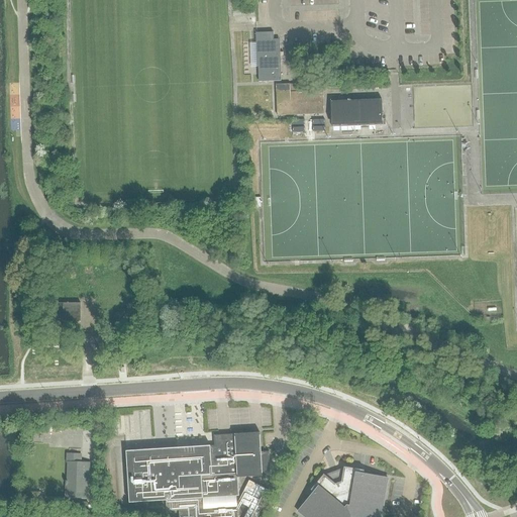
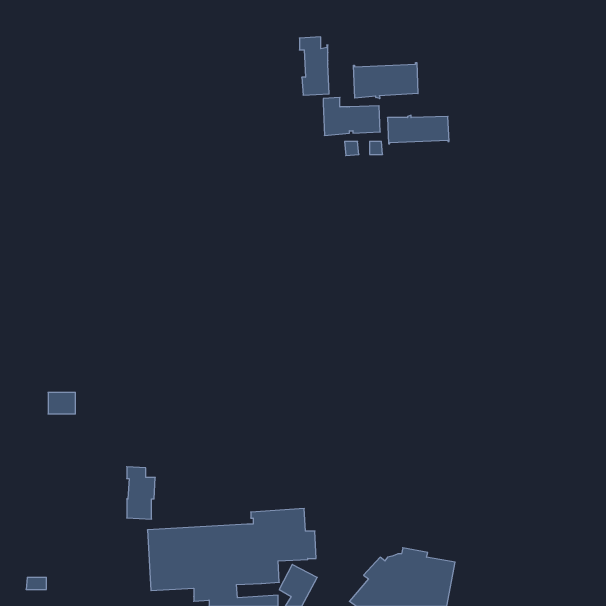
building: none -> [353,63,418,99]
building: [57,302,80,320] -> [48,392,75,414]
building: [65,452,89,497] -> [127,467,155,519]

